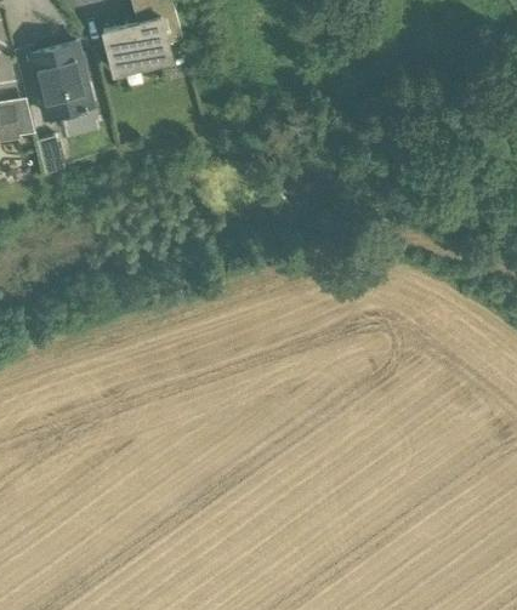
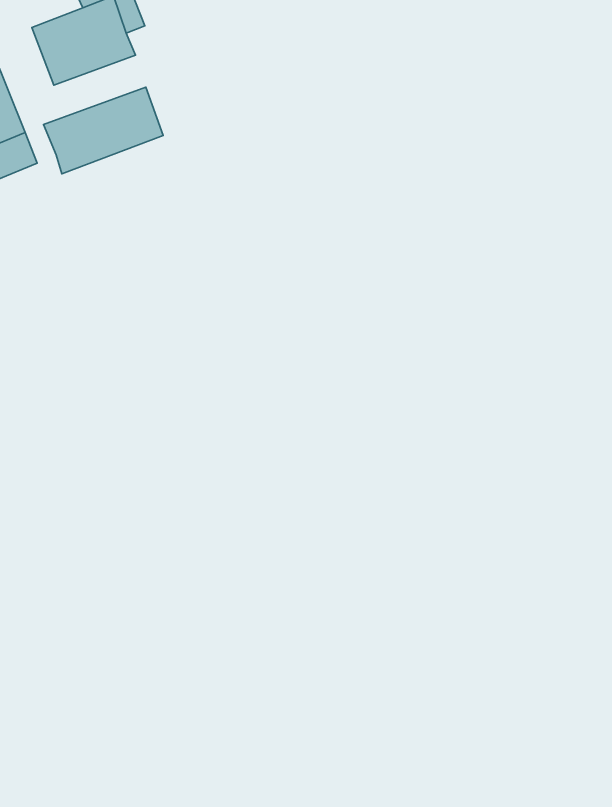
building: none -> [43,87,163,174]

